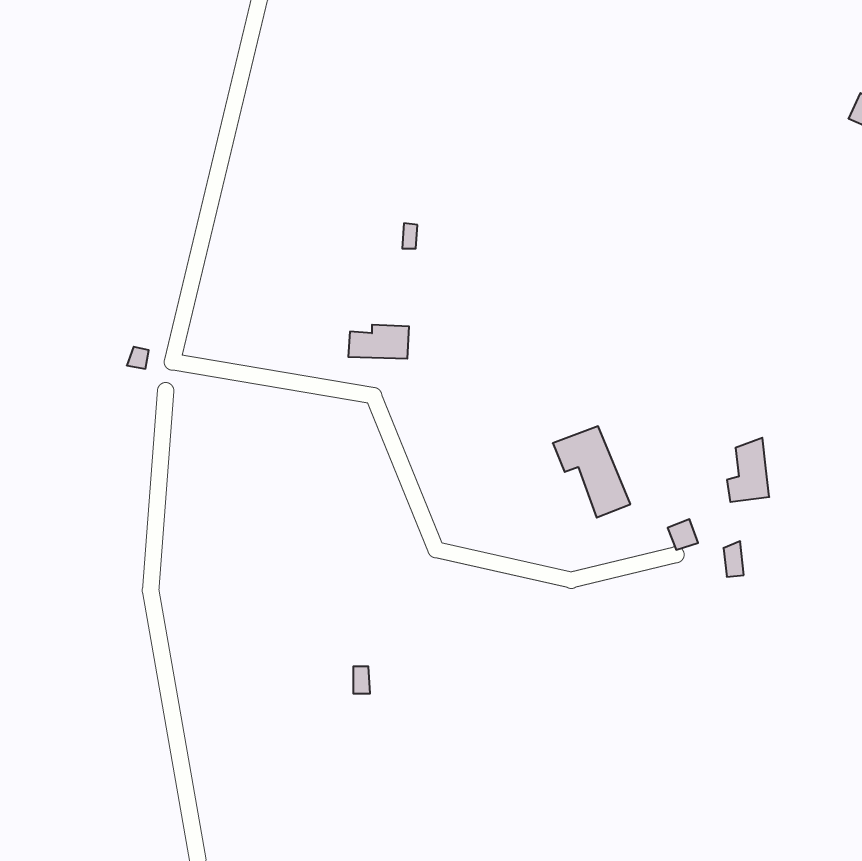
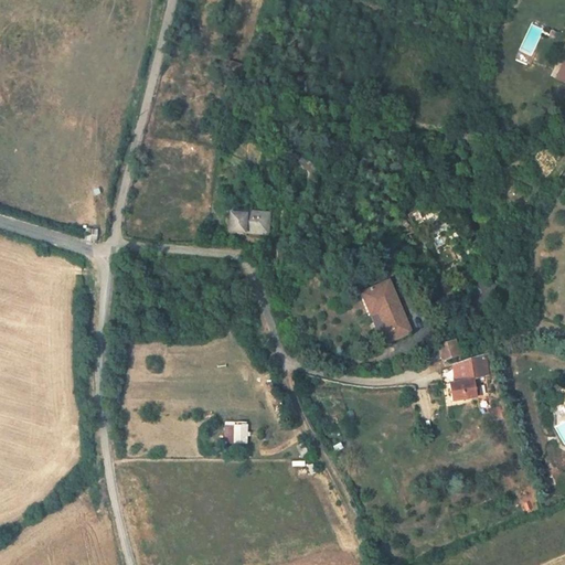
building: [727,438,769,502] -> [448,358,476,399]

